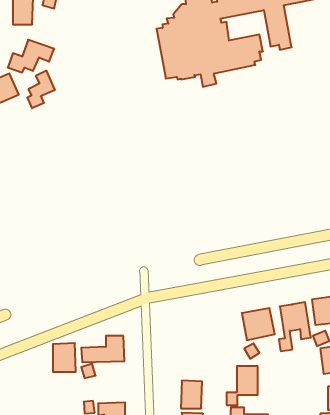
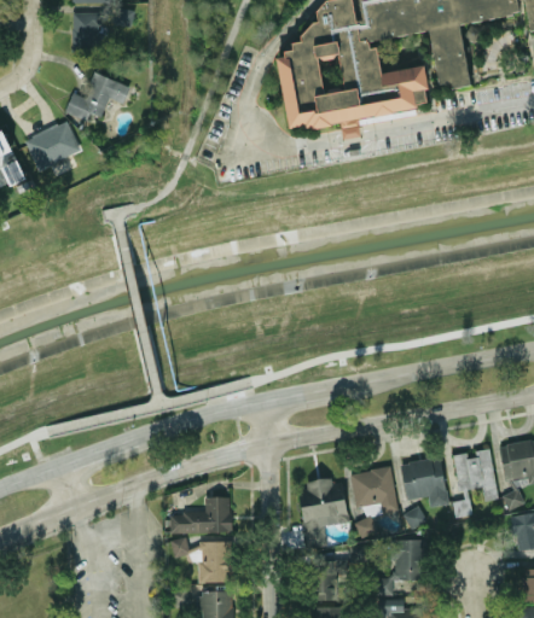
building: [27,71,55,108] -> none
building: none -> [349,466,397,536]
building: none -> [297,477,348,547]
building: [53,343,76,372] -> [197,541,230,582]

